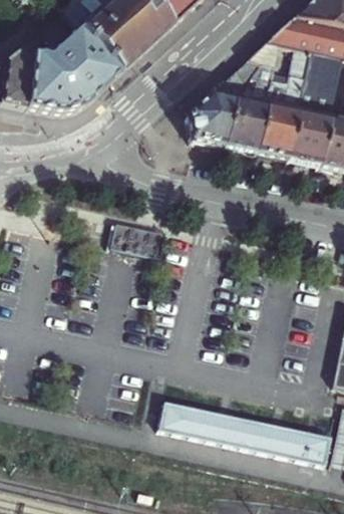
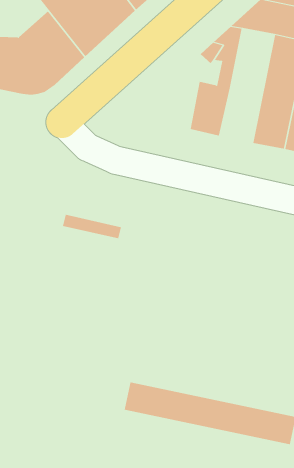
building: [256,45,311,158] -> none
building: [189,90,235,144] -> none

